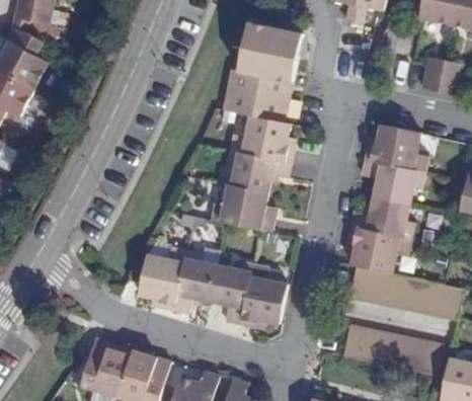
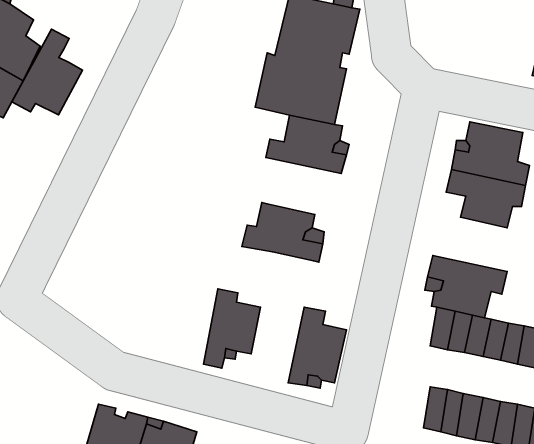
building: none -> [12,29,83,115]
building: [221,152,282,195] -> none
building: [351,197,412,239] -> none
building: [141,249,187,310] -> none
building: [213,262,253,324] -> none

